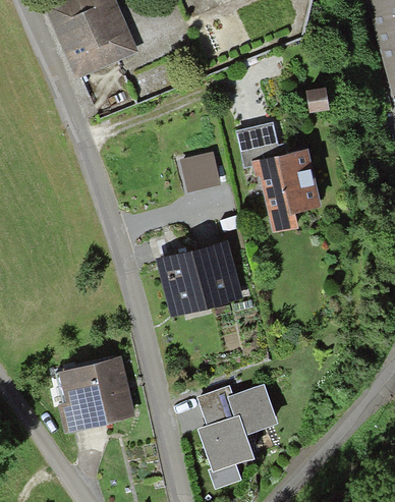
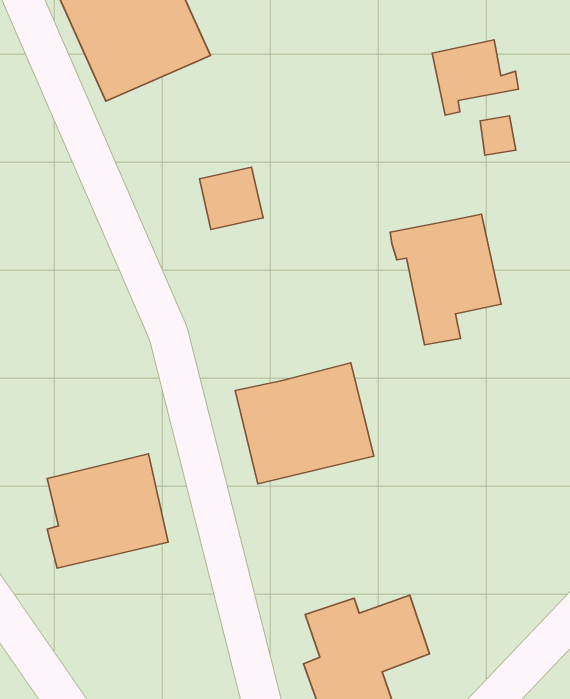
building: [235,121,289,168] -> [432,40,519,115]
building: [180,152,220,190] -> [199,167,263,229]
building: [59,357,134,429] -> [47,454,168,568]

